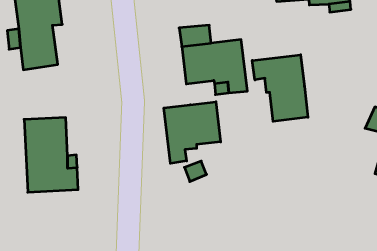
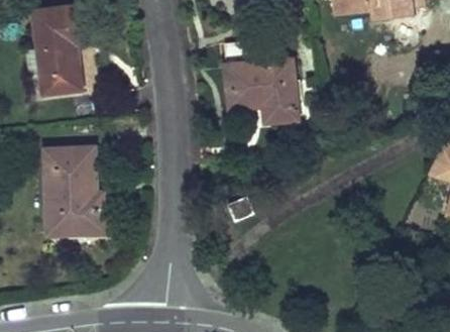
building: [252,55,308,121] -> none
building: [164,102,221,163] -> none

